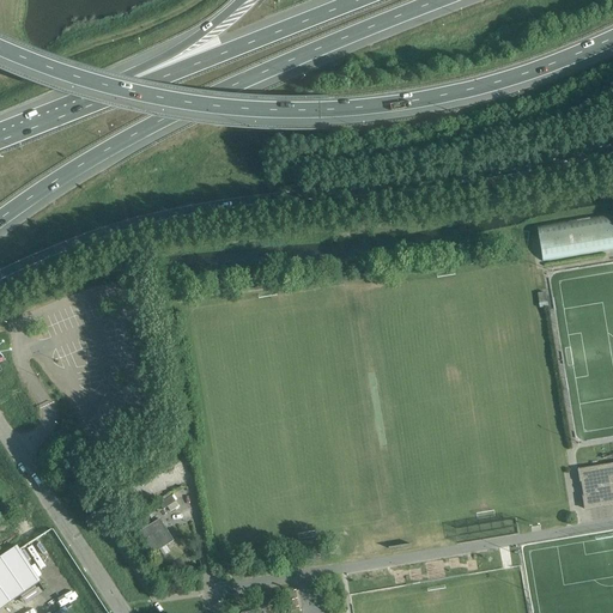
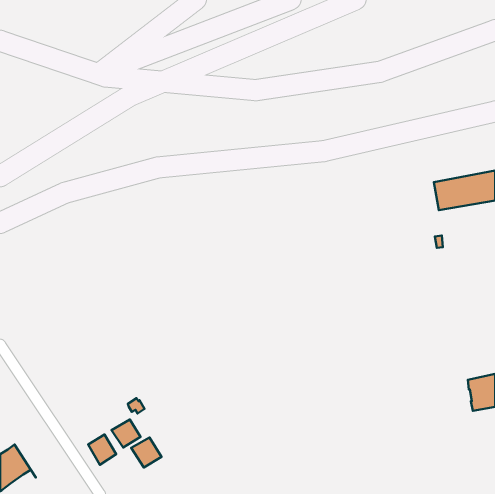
building: none -> [88,434,116,465]
building: none -> [131,438,161,468]

